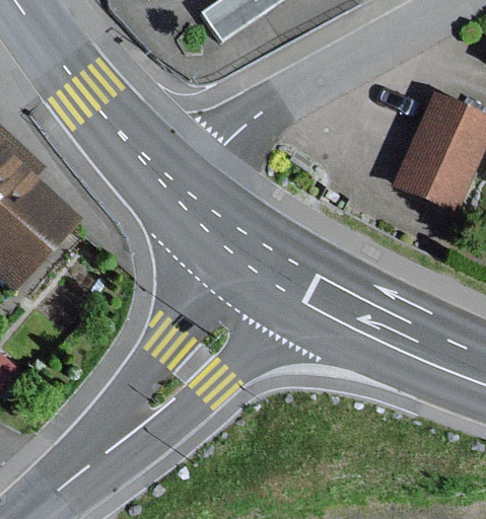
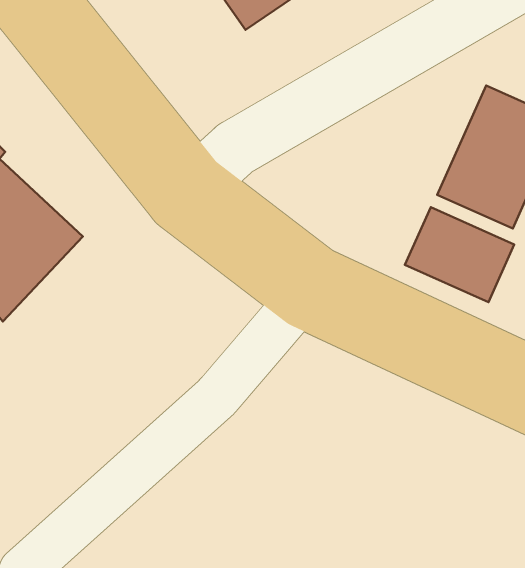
building: none -> [405,207,514,302]

